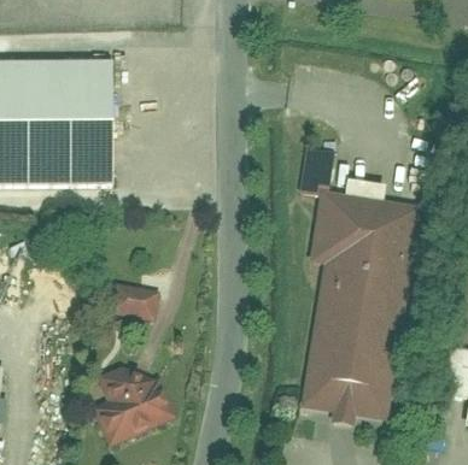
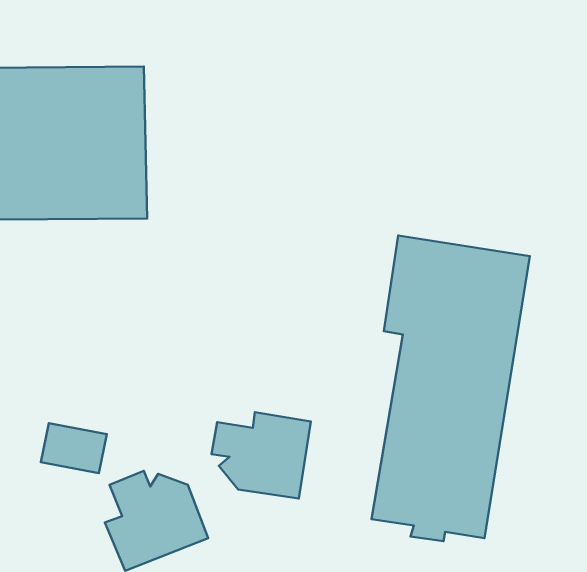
building: [115,282,165,320] -> [41,423,107,473]
building: none -> [212,412,311,498]

